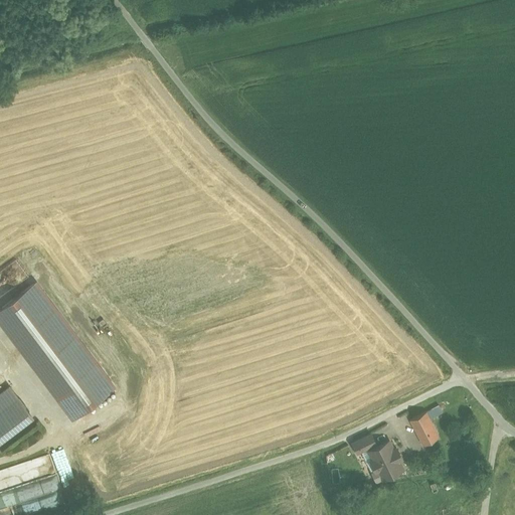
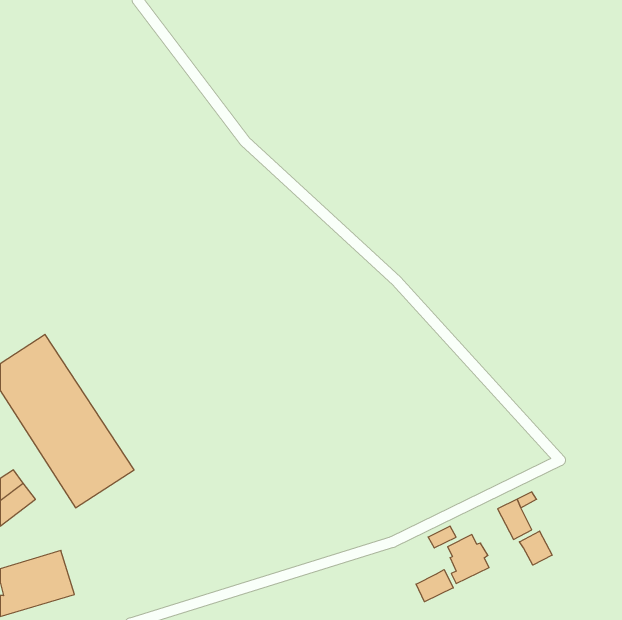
building: none -> [519,531,552,565]
building: none -> [416,570,453,602]

